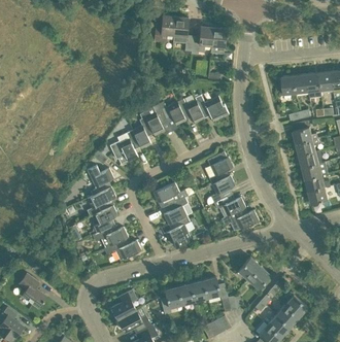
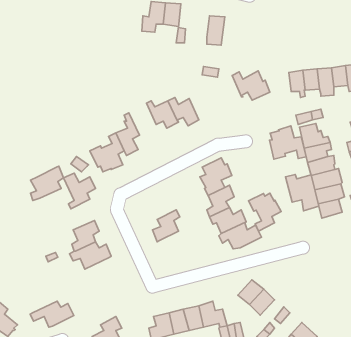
building: [190,24,212,55] -> none
building: [195,96,228,122] -> [232,71,270,100]
building: [141,104,166,136] -> none
building: none -> [270,126,306,159]
building: none -> [286,175,319,211]
building: none -> [248,193,281,231]
building: [151,183,183,207] -> none
building: [86,186,114,216] -> [30,166,64,200]
building: [164,215,191,246] -> none
building: [102,238,140,261] -> [30,301,74,327]

